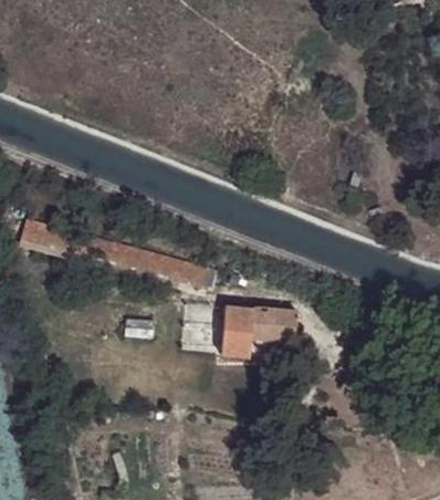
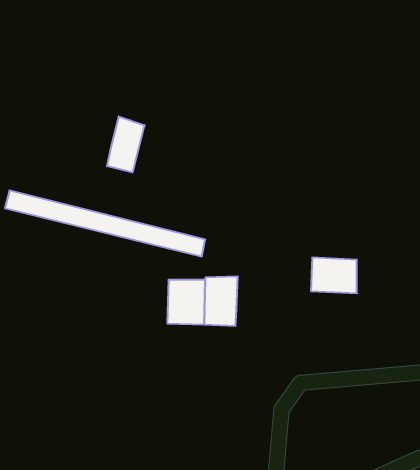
building: none -> [107,116,145,172]
building: [251,308,296,343] -> [311,258,357,293]

